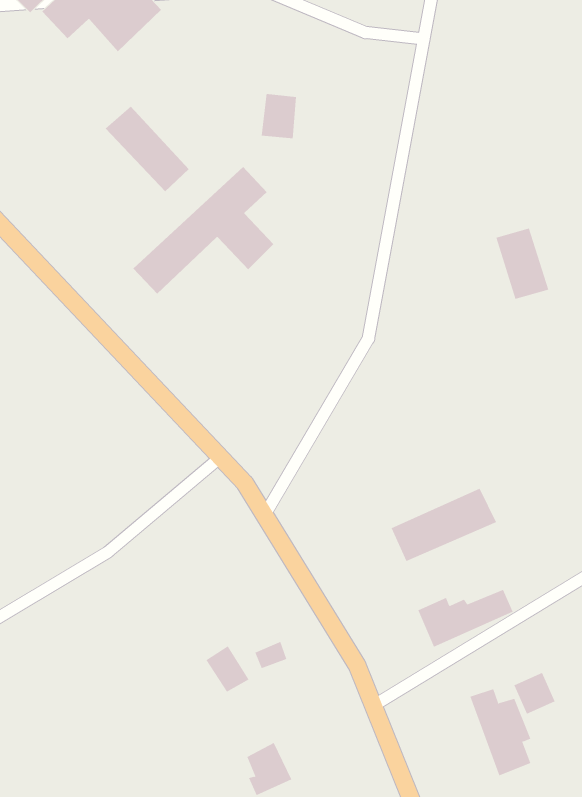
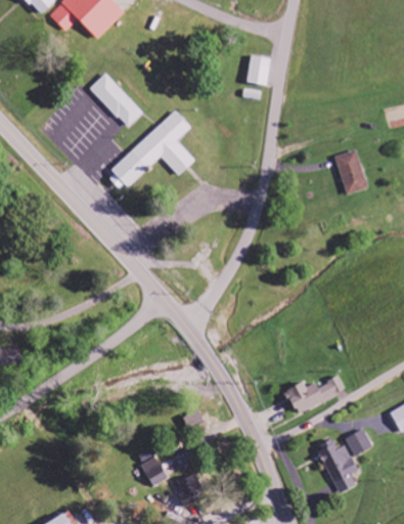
building: [261,93,297,139] -> [246,54,269,83]
building: [391,488,497,562] -> none
building: [205,645,249,693] -> [139,454,167,484]

